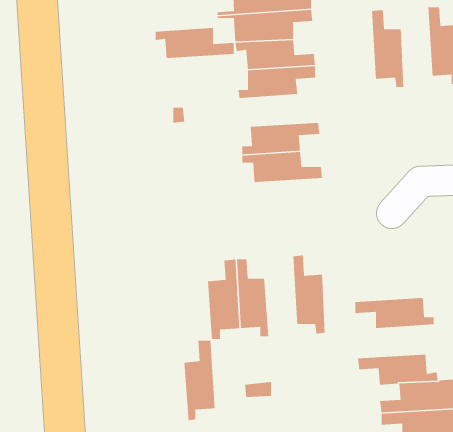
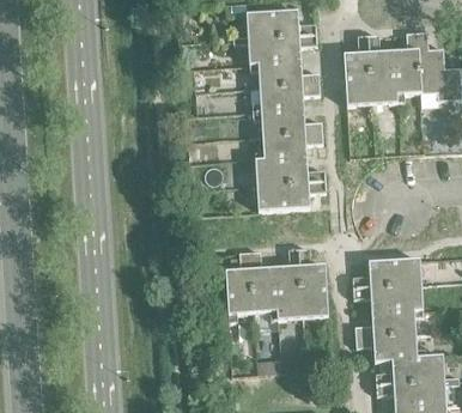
building: none -> [394,32,420,103]
building: none -> [344,36,371,105]
building: [155,27,235,59] -> [253,109,322,136]
building: none -> [257,182,326,211]
building: none -> [352,259,420,289]
building: none -> [354,309,424,338]
building: [184,340,215,421] -> [275,249,303,320]

